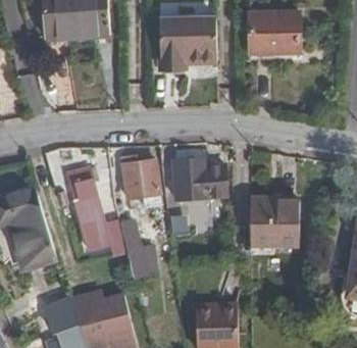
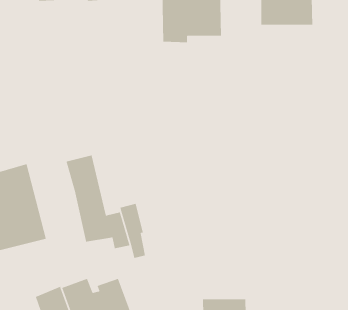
building: [172,155,225,195] -> none
building: [122,159,161,205] -> none
building: [249,195,297,240] -> none

